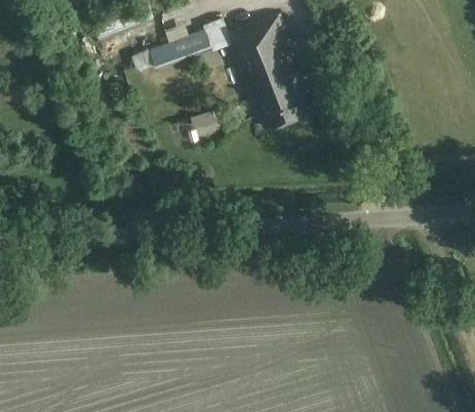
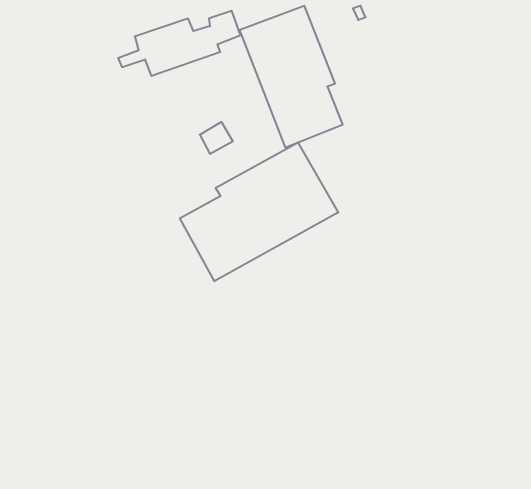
building: none -> [180,142,338,281]

